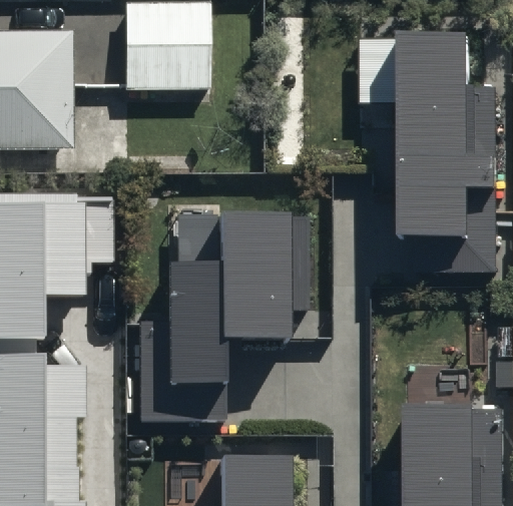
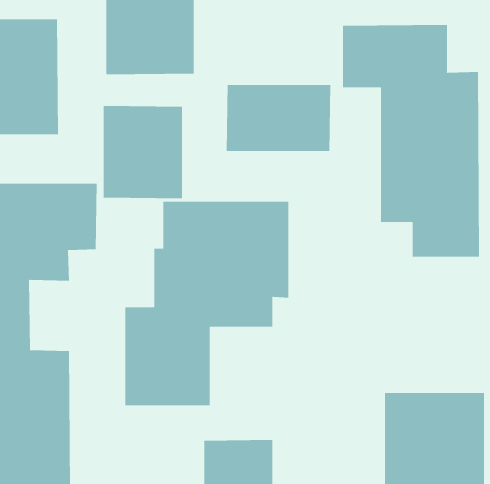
building: none -> [226,84,331,152]
building: none -> [103,105,183,199]

